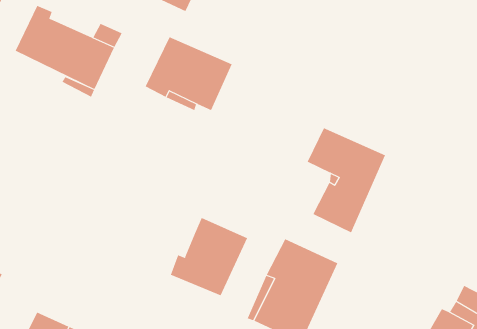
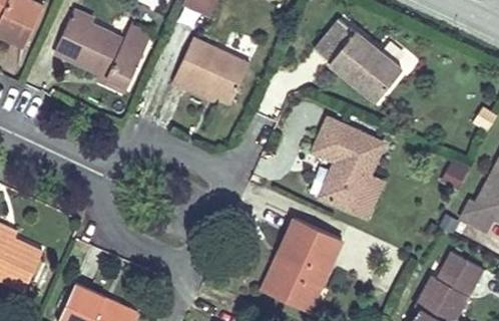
building: none -> [316,12,403,93]
building: [170,217,248,296] -> none

